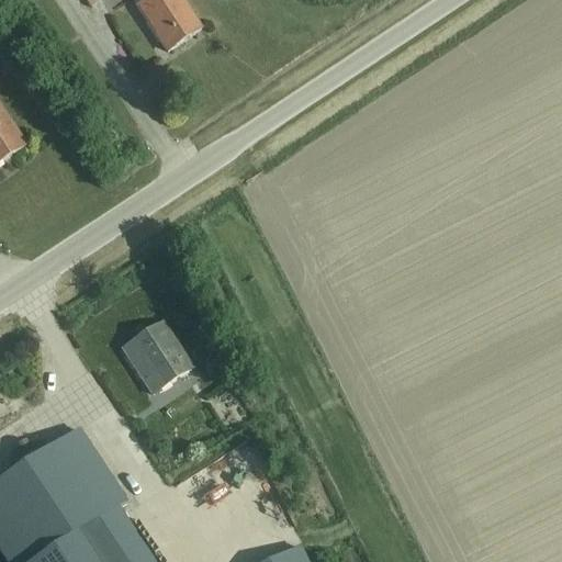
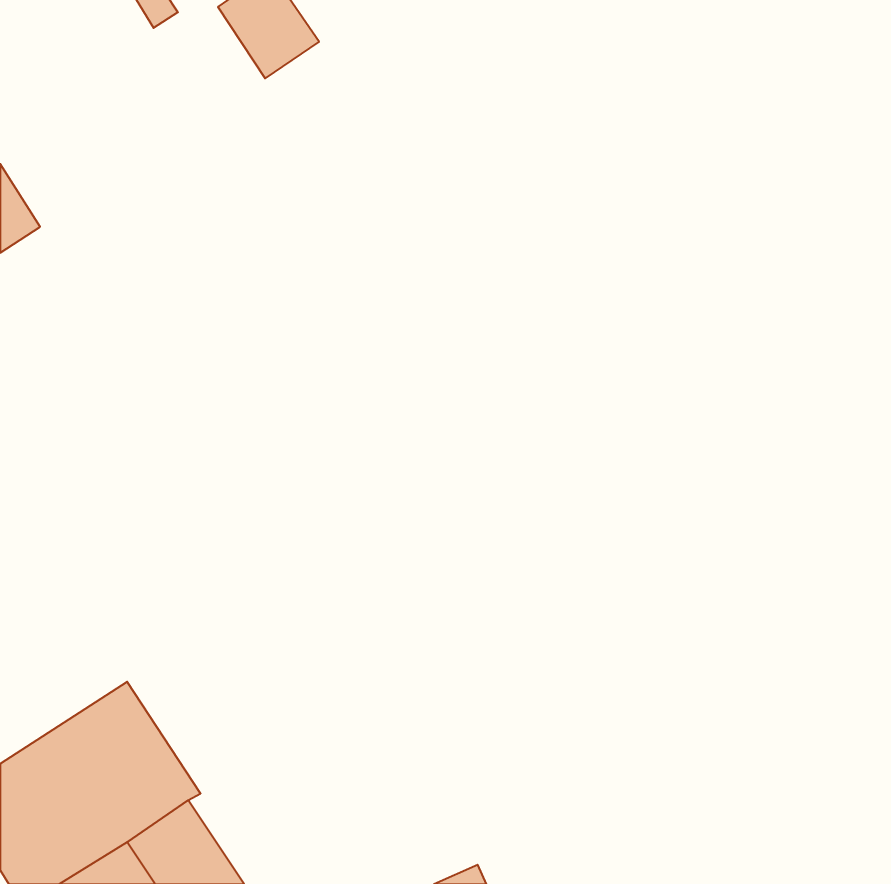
building: [123,322,192,392] -> none

